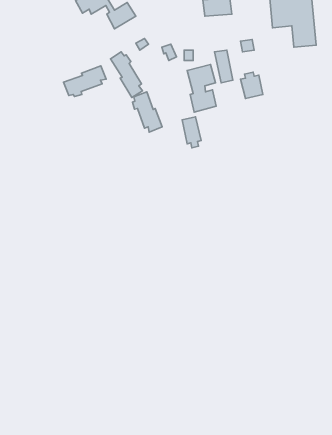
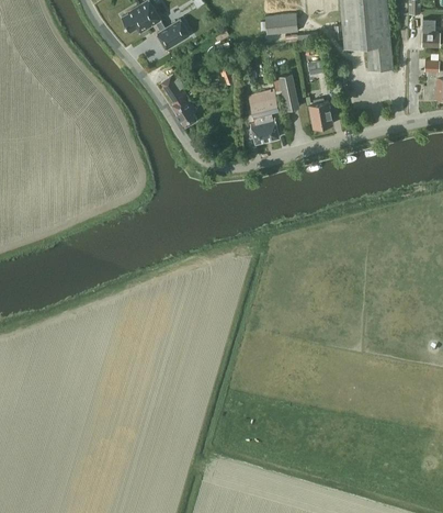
building: [64,66,106,97] -> none
building: [133,92,162,132] -> none
building: [182,117,201,148] -> none

